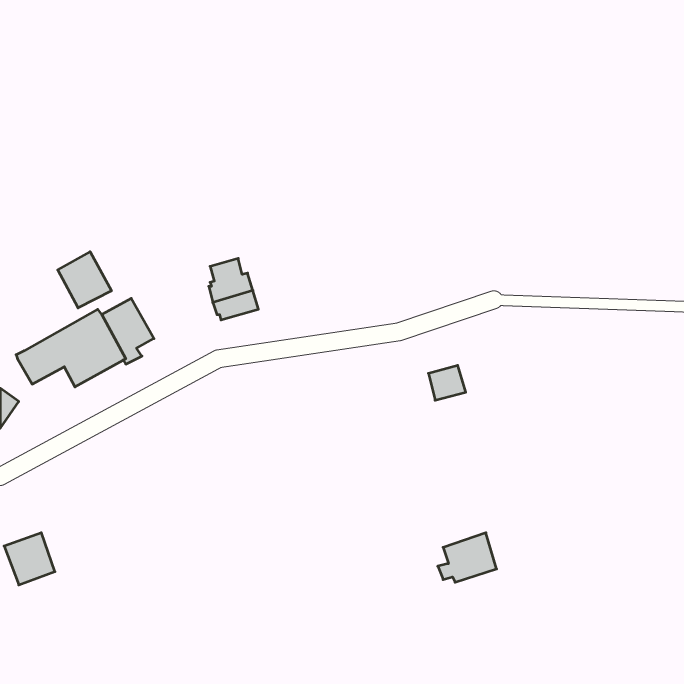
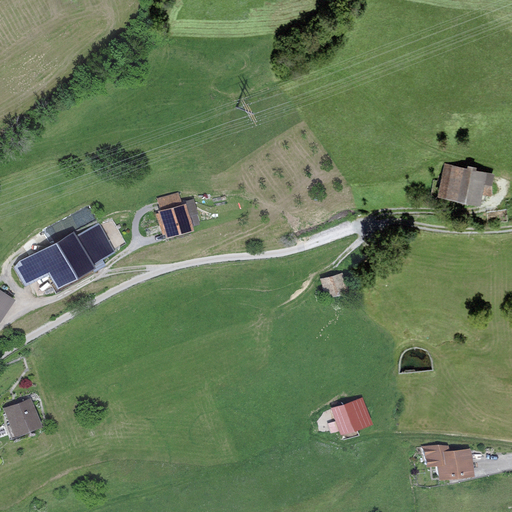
building: none -> [439,164,495,204]
building: [58,252,111,308] -> none
building: none -> [422,445,473,480]

